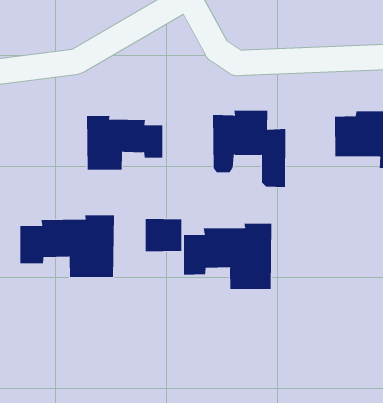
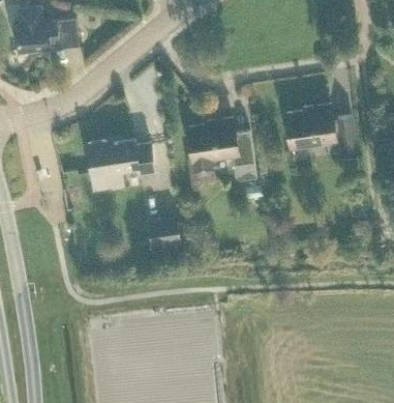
building: [20,215,114,278] -> none
building: [183,223,272,290] -> none

